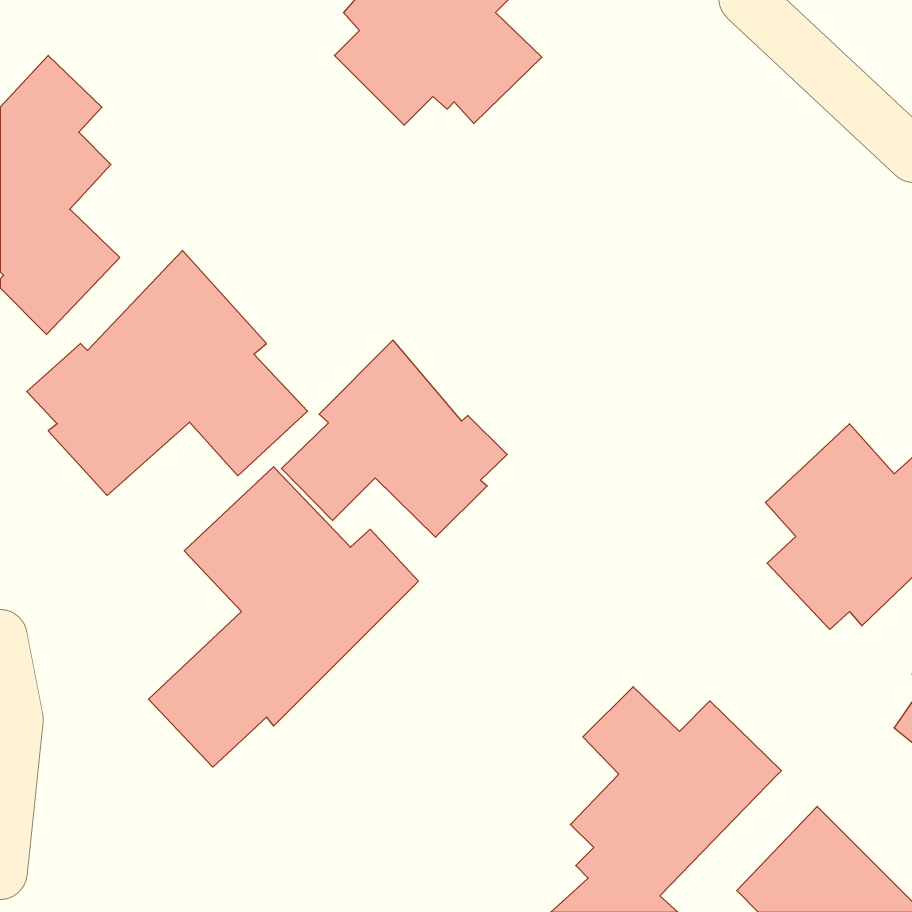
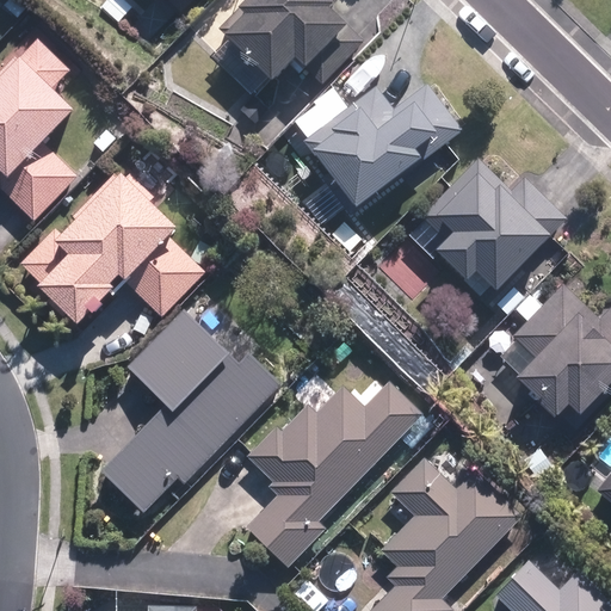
building: none -> [283,82,459,214]
building: none -> [421,159,568,295]
building: [281,340,507,537] -> none
building: none -> [245,379,422,570]

